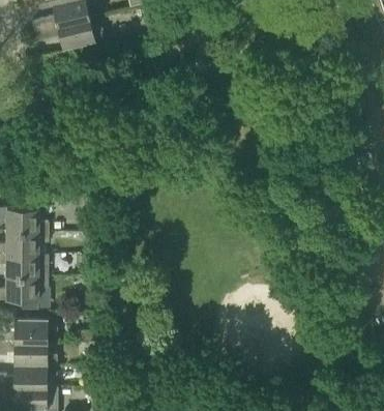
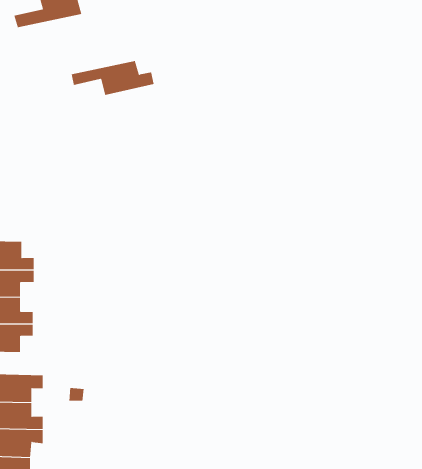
building: [35,21,105,50] -> [71,61,154,96]

